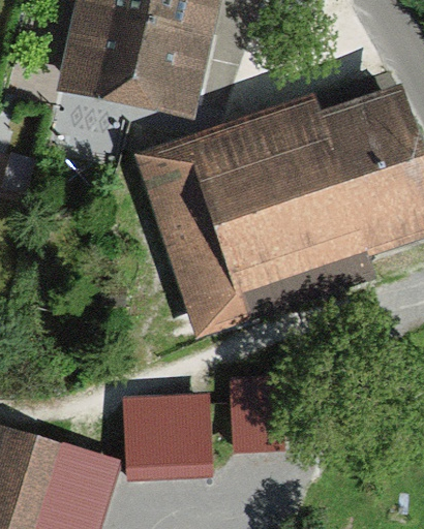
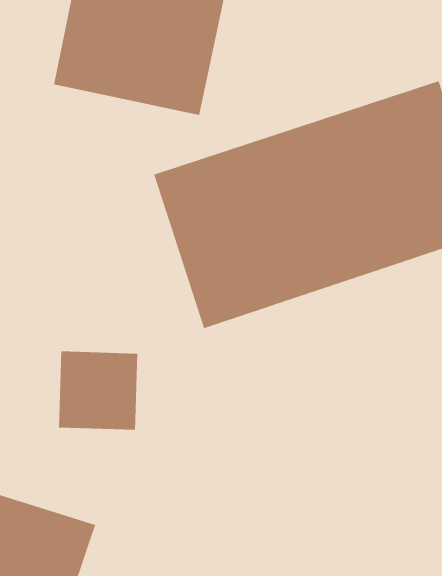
building: [128,412,198,481] -> [58,351,138,431]

